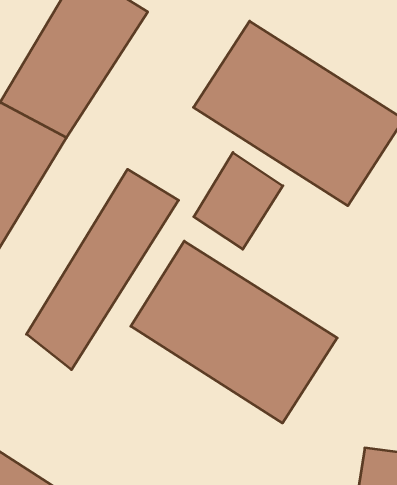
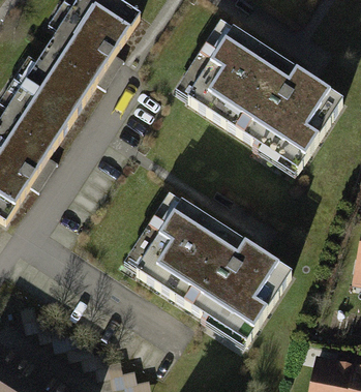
building: [194,152,283,249] -> none
building: [26,169,179,370] -> none

